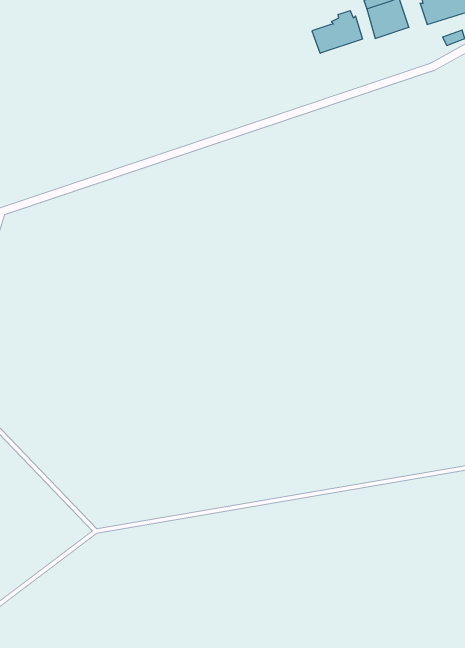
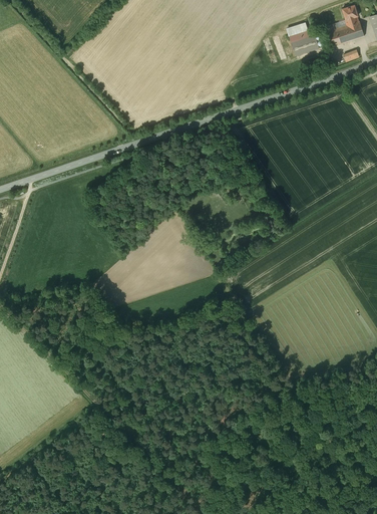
building: [312,11,363,53] -> none

